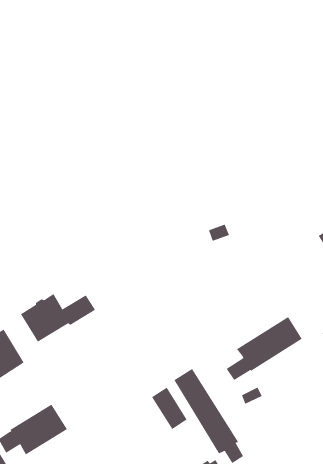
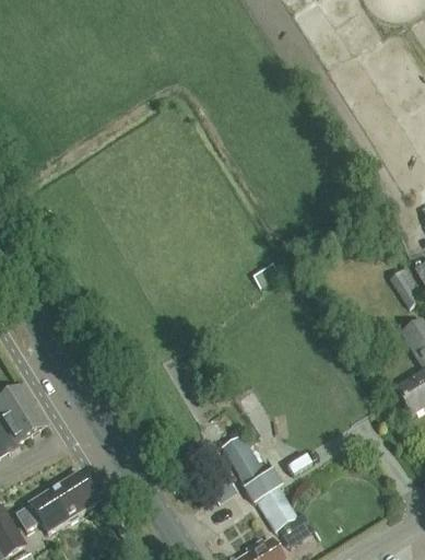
building: [20,293,96,342] -> none
building: [226,316,302,381] -> none

